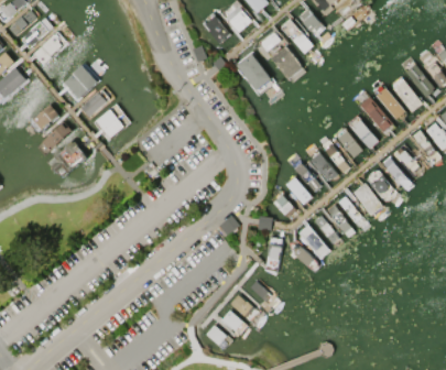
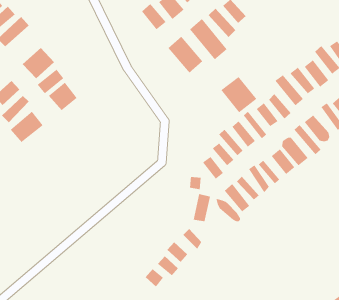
building: none -> [220,76,257,113]

